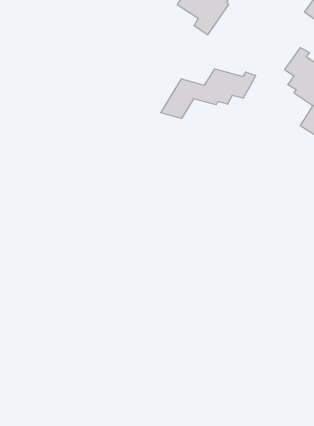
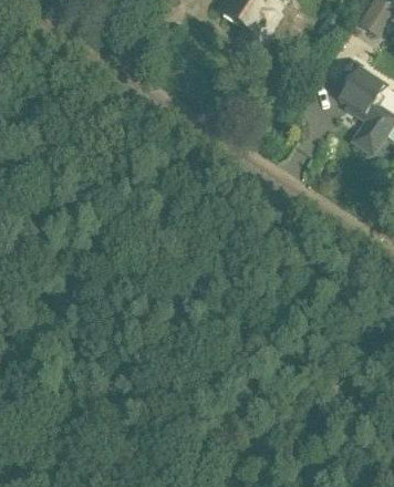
building: [161,69,256,118] -> none

